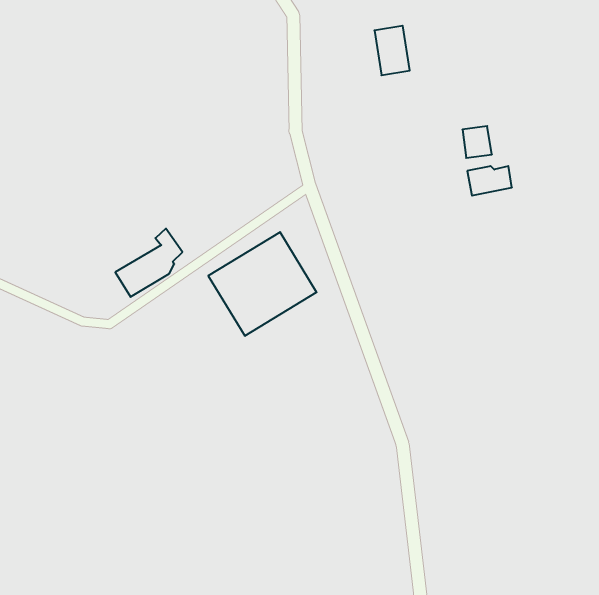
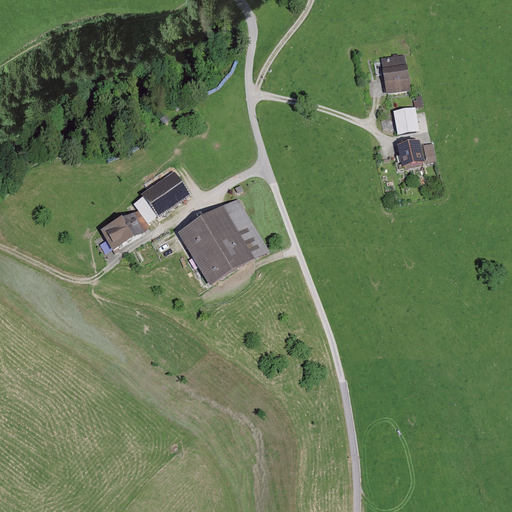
building: [374,26,410,75] -> [379,51,409,93]
building: none -> [140,170,190,216]

